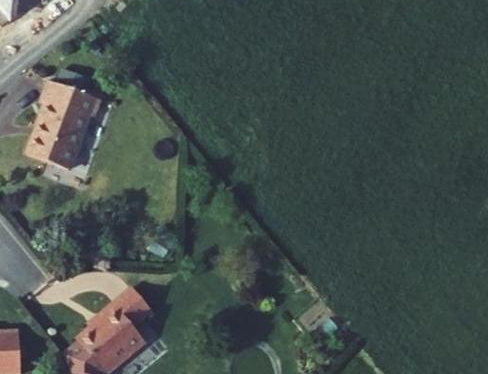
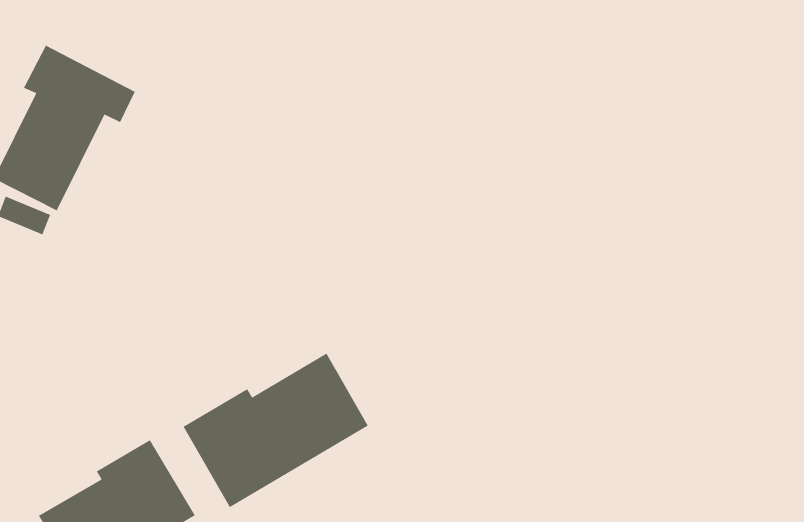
building: none -> [182,353,369,508]

